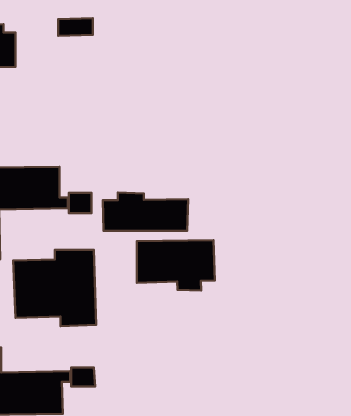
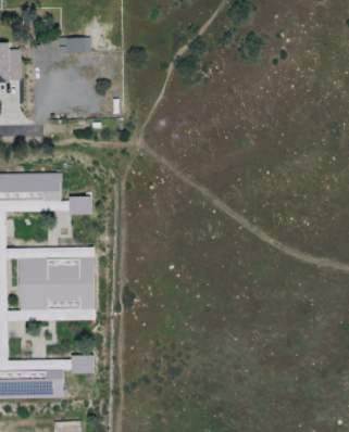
building: [103,193,188,231] -> none
building: [137,240,215,291] -> none

